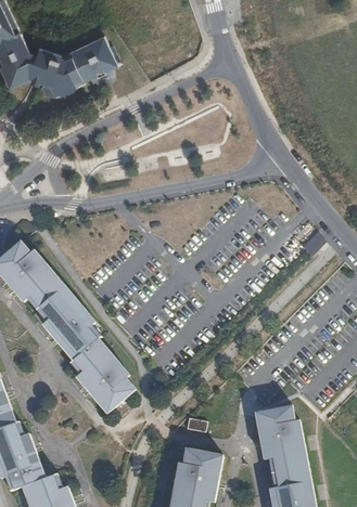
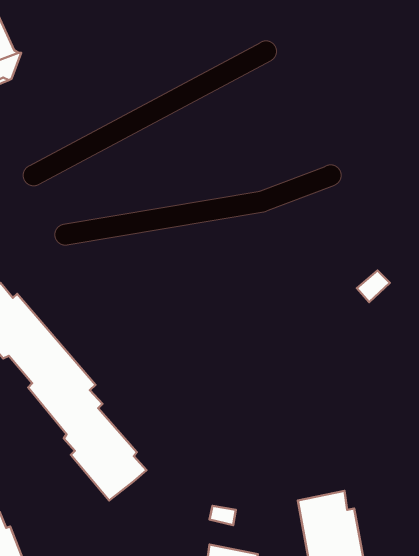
building: [42,41,122,93] -> none

